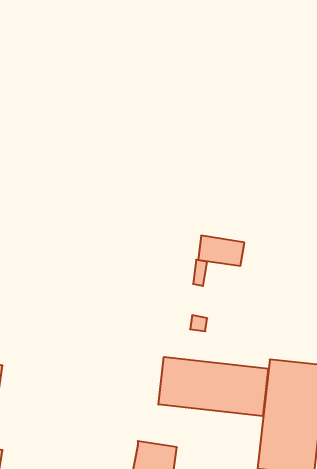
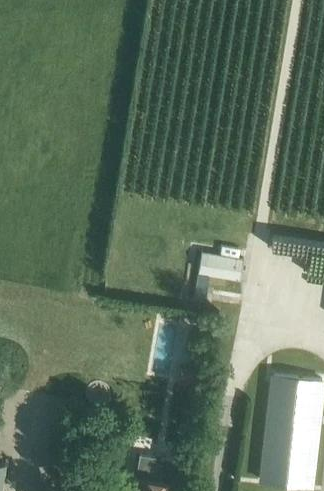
building: [158,357,268,416] -> none

